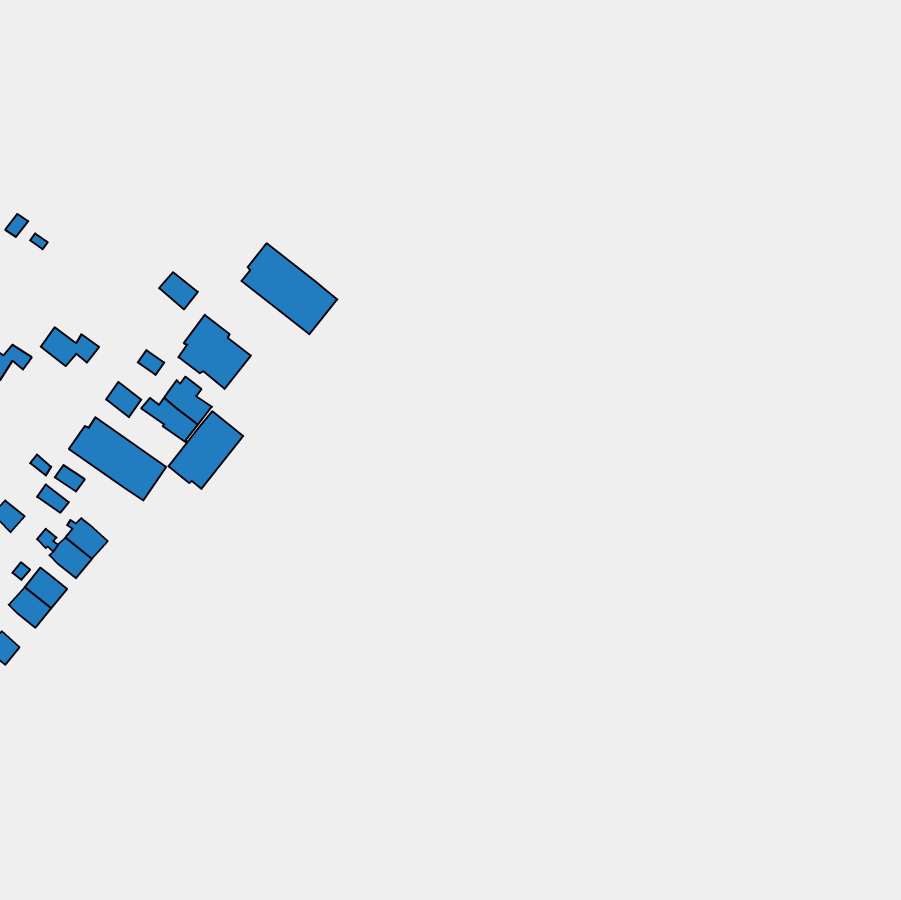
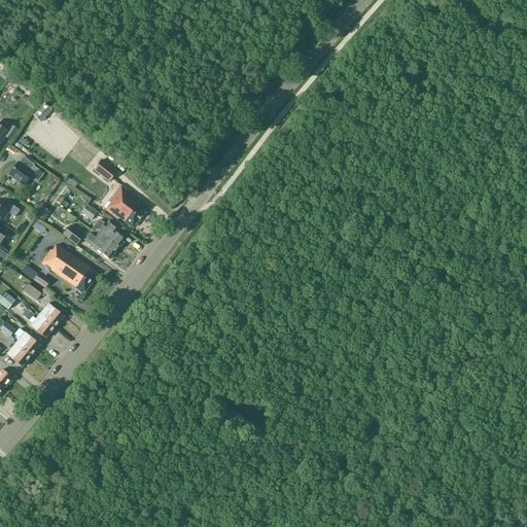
building: [241,243,337,334] -> none
building: [41,327,99,366] -> [8,161,42,183]
building: [168,411,243,489] -> none

